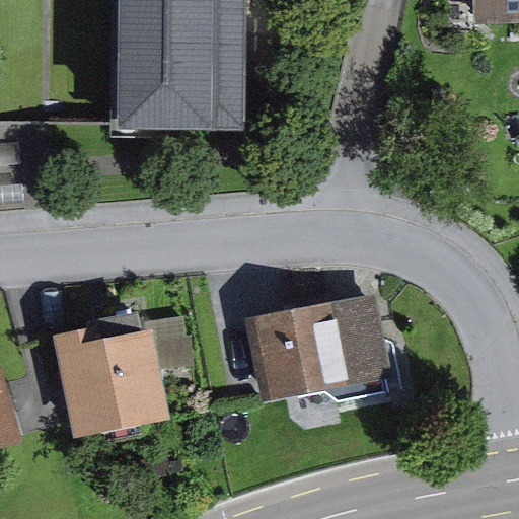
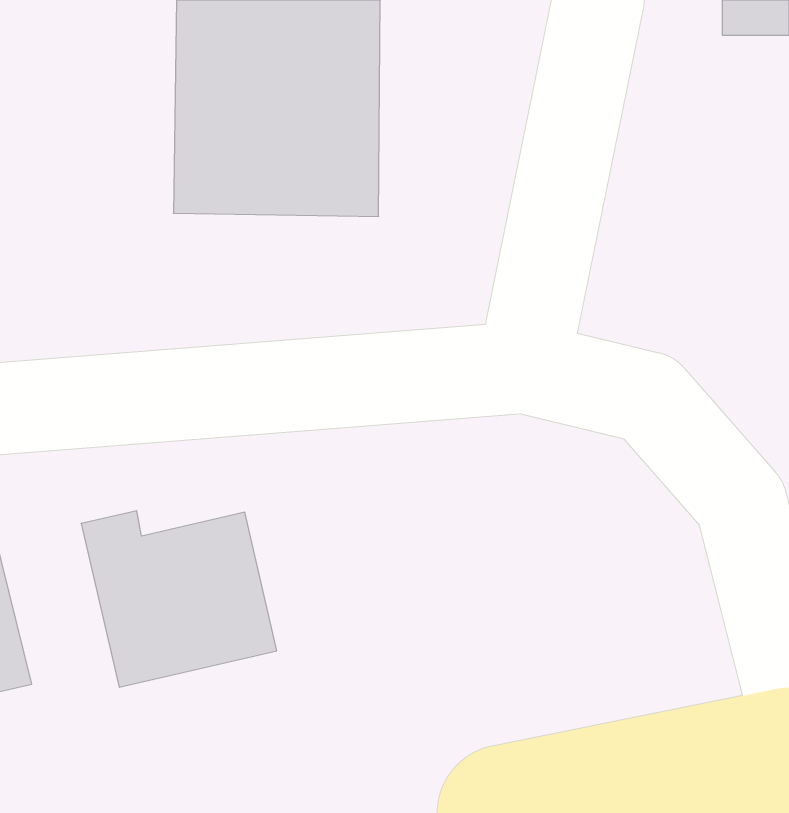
building: [247,288,398,409] -> none

